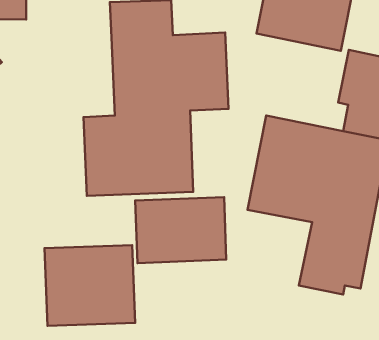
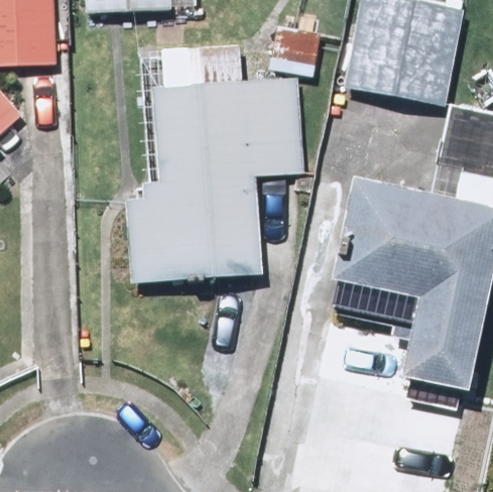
building: [135,197,226,263] -> none
building: [45,245,135,326] -> none

